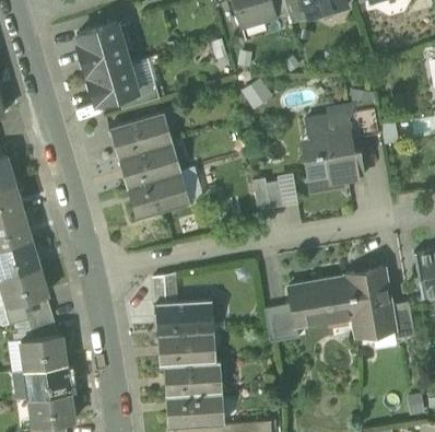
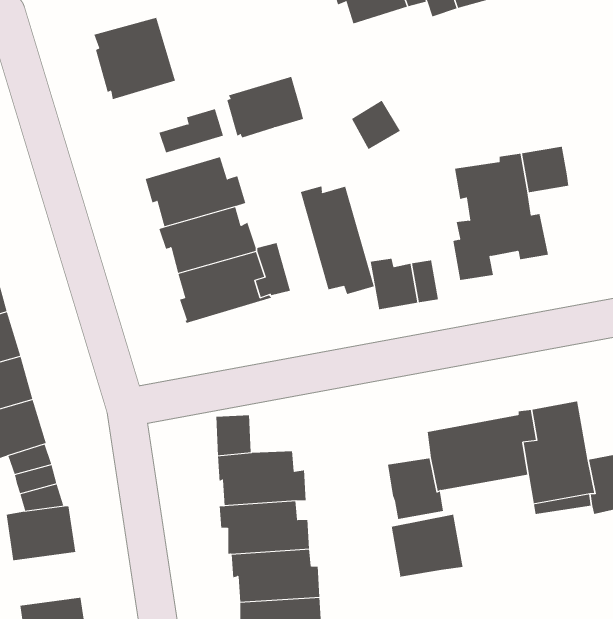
building: [87,65,137,104] -> [227,76,304,138]
building: none -> [300,186,374,295]
building: none -> [391,514,463,578]
building: [25,364,69,398] -> none

